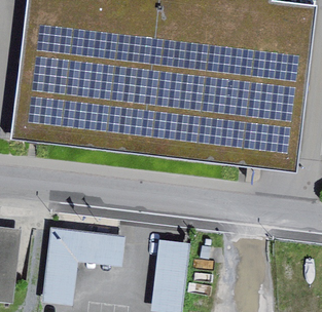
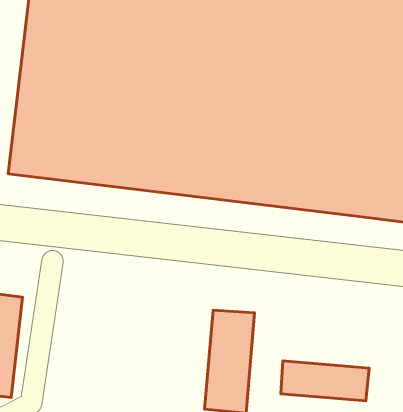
building: [41,225,126,302] -> none
building: none -> [281,361,369,401]

